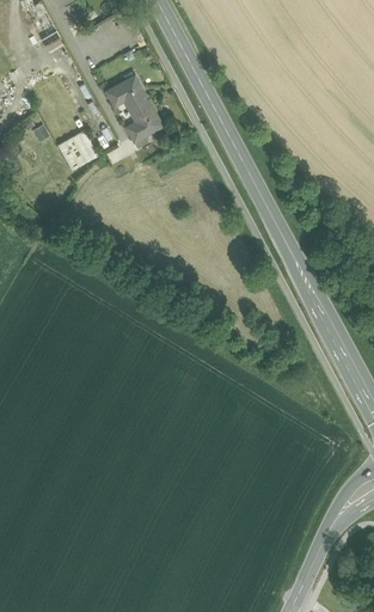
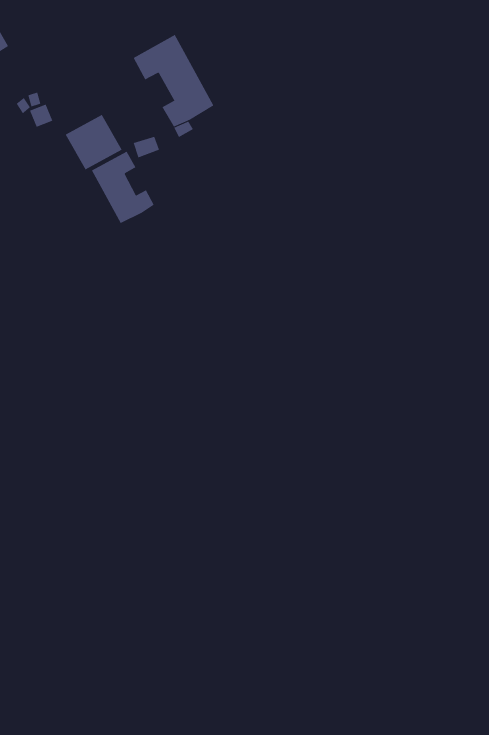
building: none -> [91,151,154,224]

